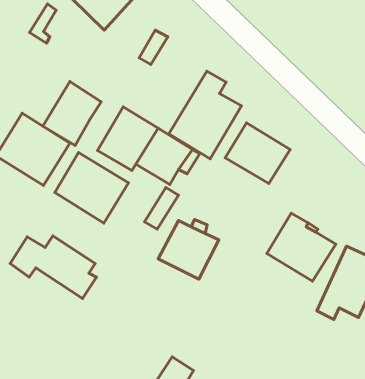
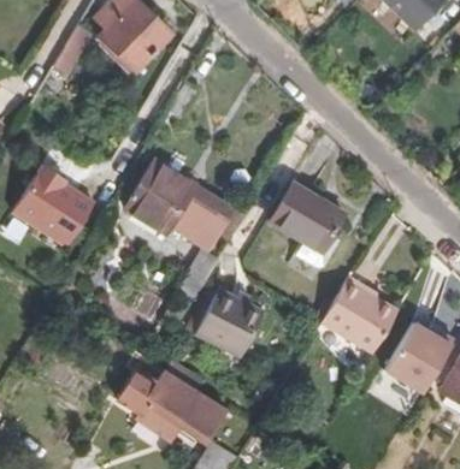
building: [169,71,241,159] -> none
building: [43,82,101,146] -> none
building: [55,153,128,223] -> none
building: [10,236,96,299] -> [118,369,216,440]

